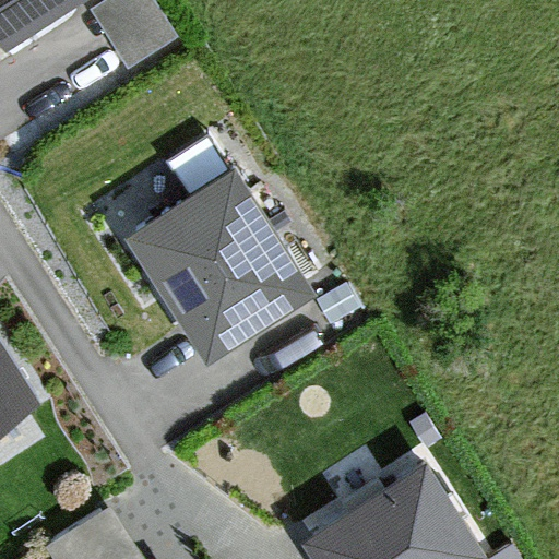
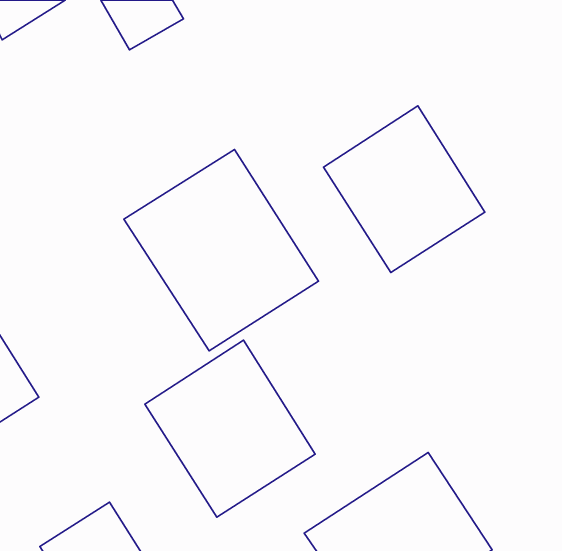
building: none -> [324,106,485,272]
building: none -> [145,340,315,517]

